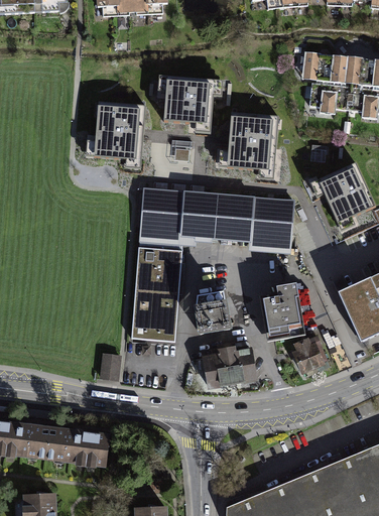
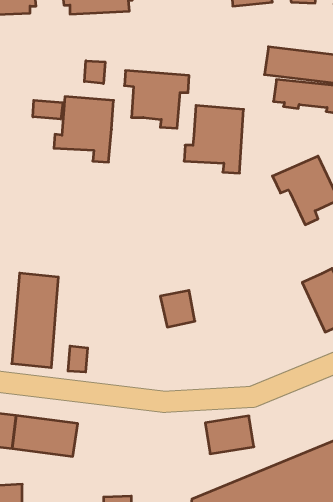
building: none -> [84,61,105,84]
building: none -> [33,100,63,119]
building: [141,190,296,249] -> none
building: [132,247,179,343] -> [12,273,58,368]
building: [259,280,305,339] -> none
building: [293,340,323,371] -> none
building: [204,349,253,387] -> [205,416,254,454]

